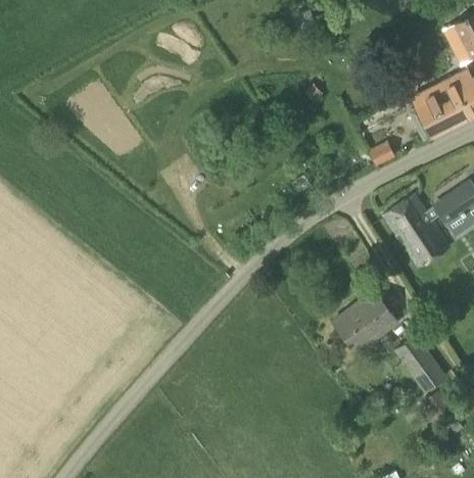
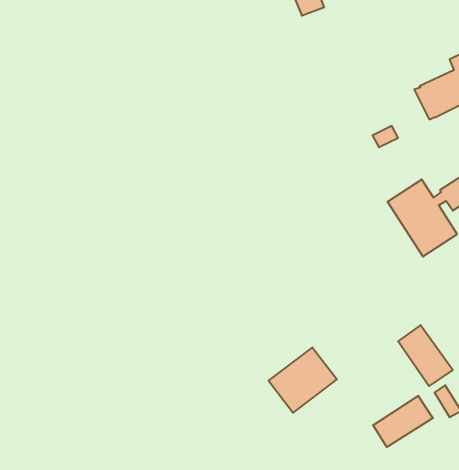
building: [333,290,398,352] -> [268,347,337,413]
building: none -> [373,396,433,447]

